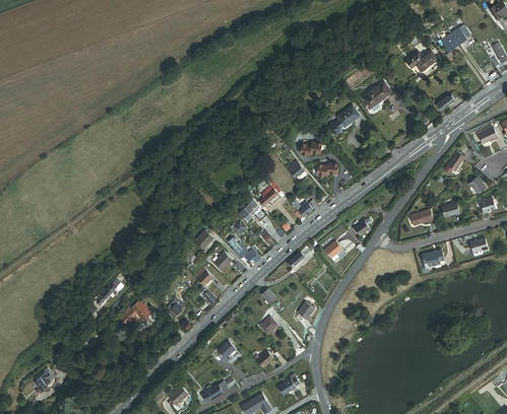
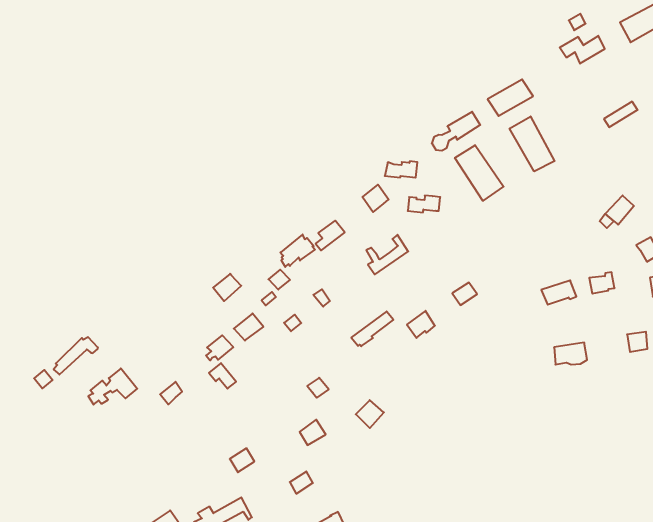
building: none -> [510,116,555,171]
building: none -> [455,145,504,201]

